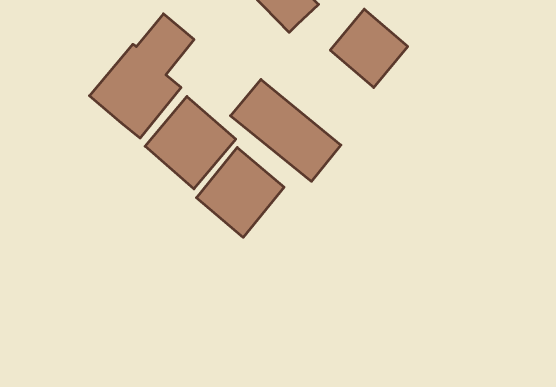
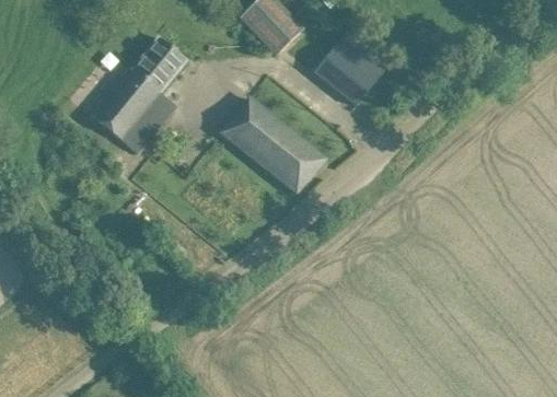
building: [145,96,236,189] -> none
building: [196,147,284,237] -> none

